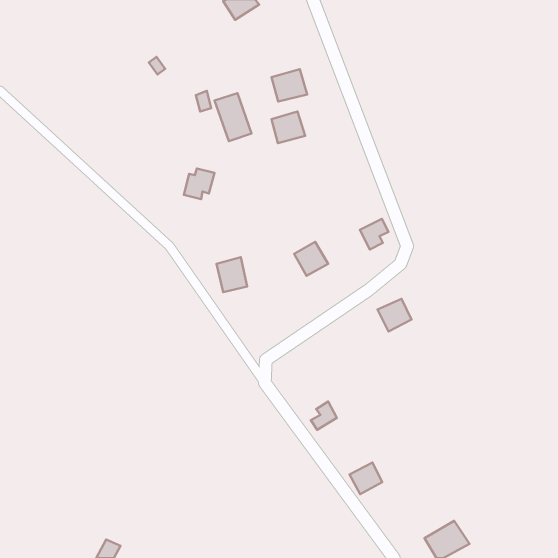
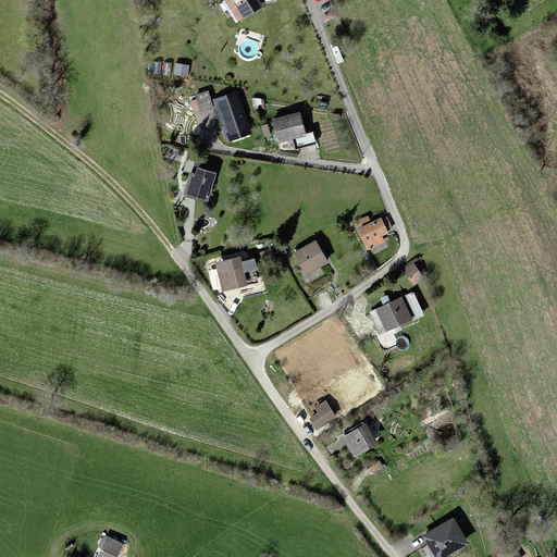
building: [272,69,307,102] -> none
building: [349,462,382,494] -> [343,424,375,456]

